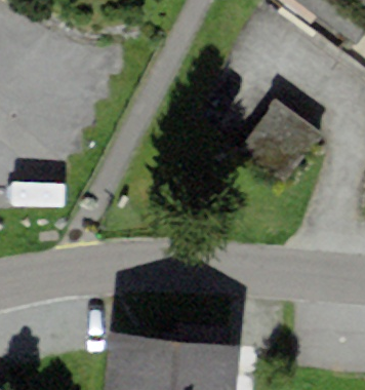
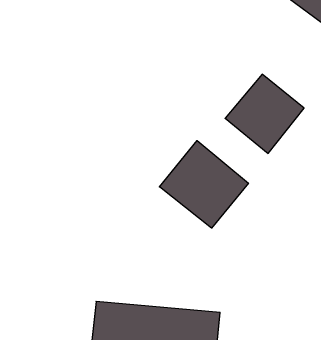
building: none -> [159,141,248,228]

